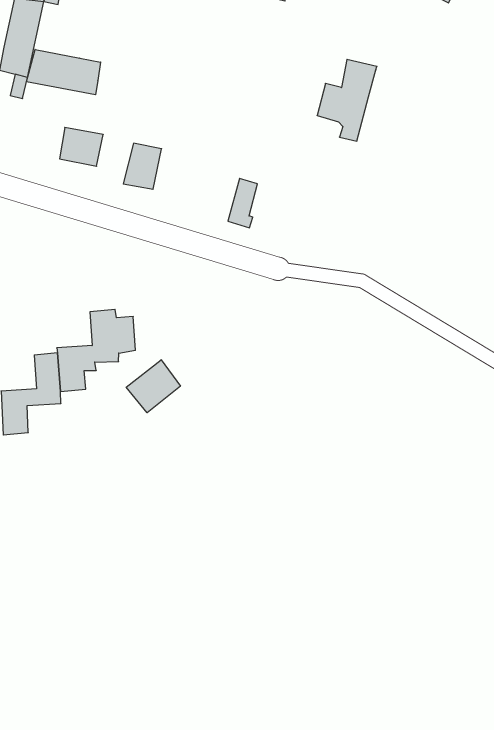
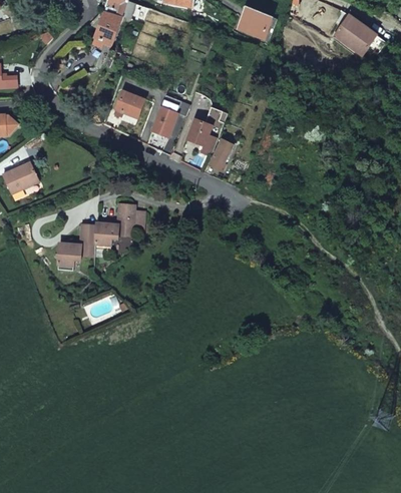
building: [27,49,101,95] -> none
building: [317,59,377,141] -> [188,105,229,154]
building: [126,360,180,413] -> none

